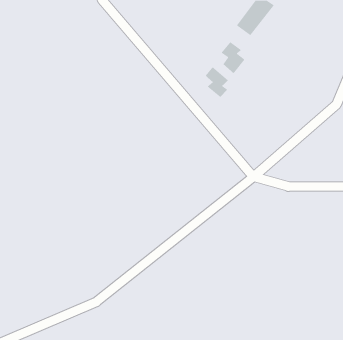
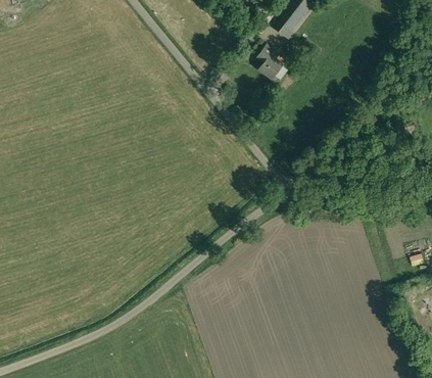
building: [205,66,229,98] -> none

